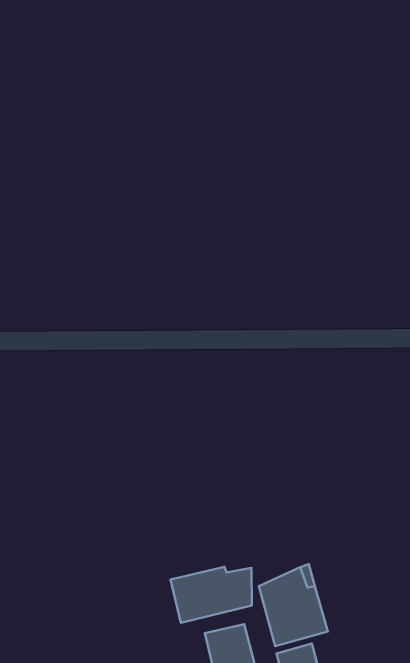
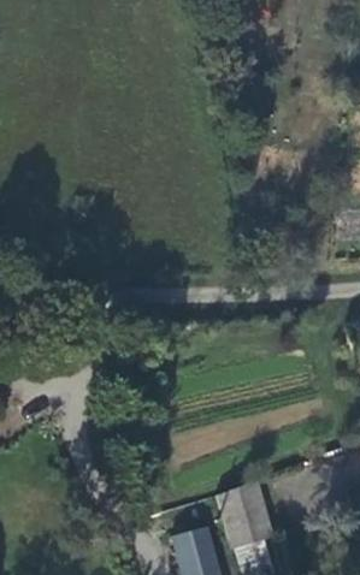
building: [170,567,252,623] -> none

